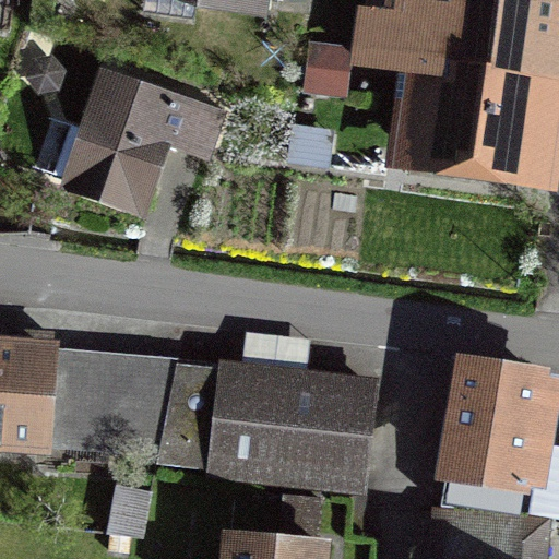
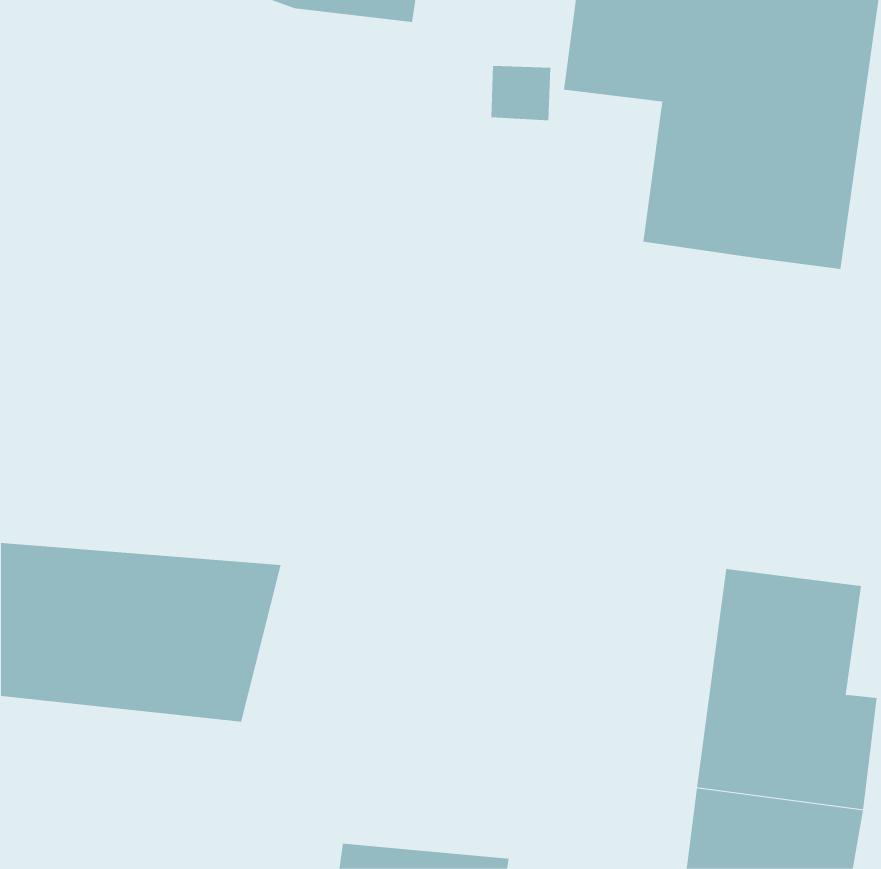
building: [66,71,225,216] -> none
building: [154,357,377,475] -> none

